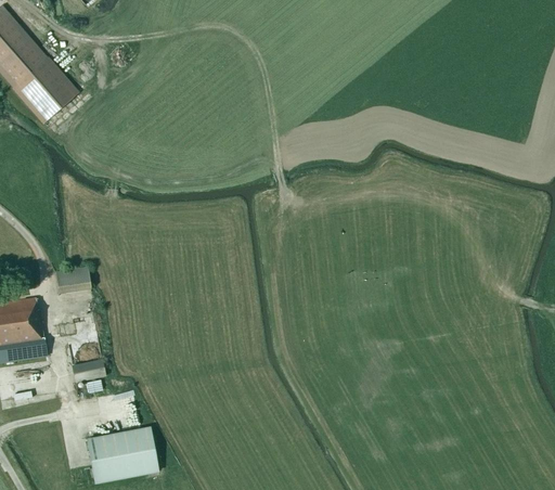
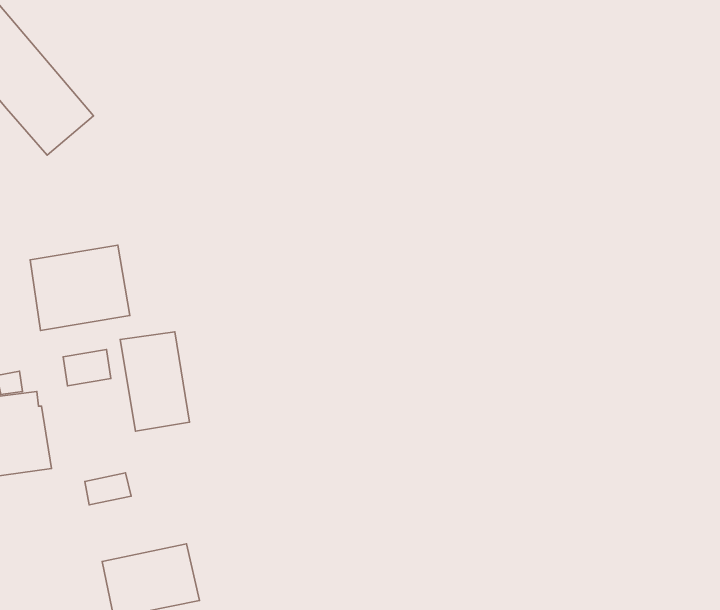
building: none -> [30,245,130,331]
building: none -> [120,332,190,431]

